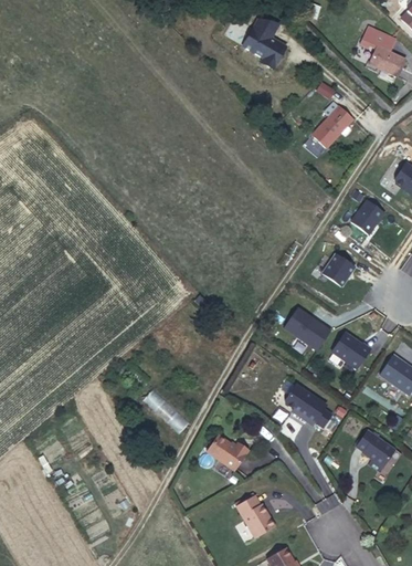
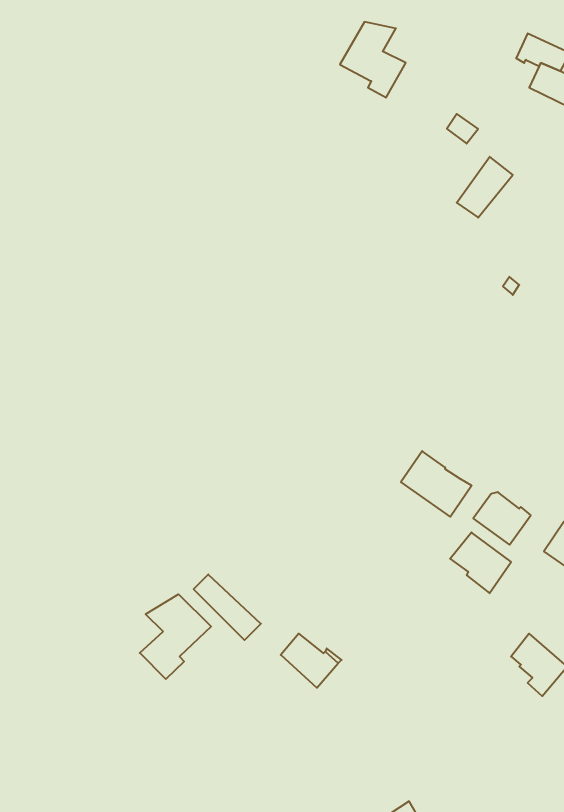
building: [351,199,385,234] -> none
building: [323,253,356,286] -> none
building: [279,384,320,424] -> [450,532,511,593]
building: none -> [140,594,211,679]
building: [234,494,272,536] -> none

